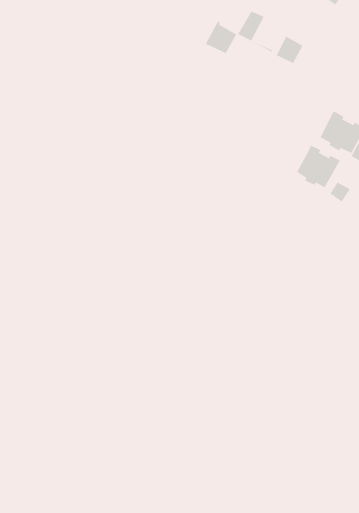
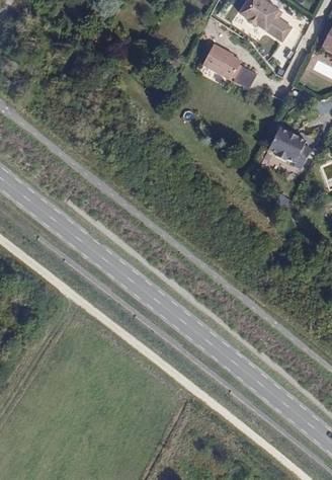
building: [205,20,237,54] -> [215,50,241,77]
building: [296,145,341,188] -> none

